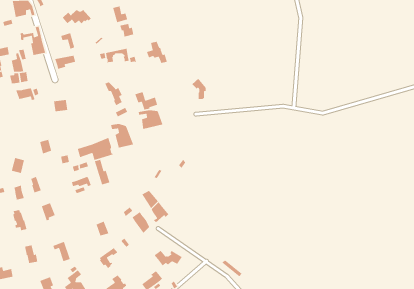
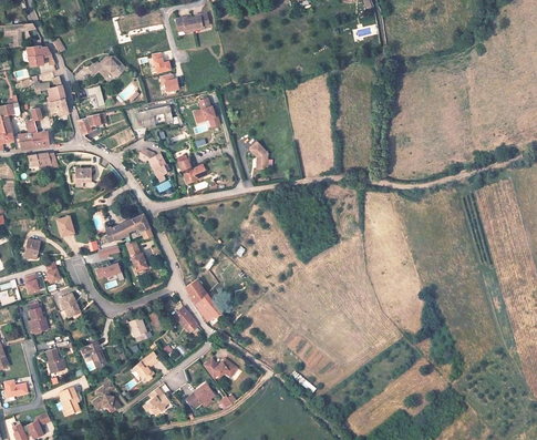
building: [138,110,164,130] -> none
building: [110,123,134,149] -> none

